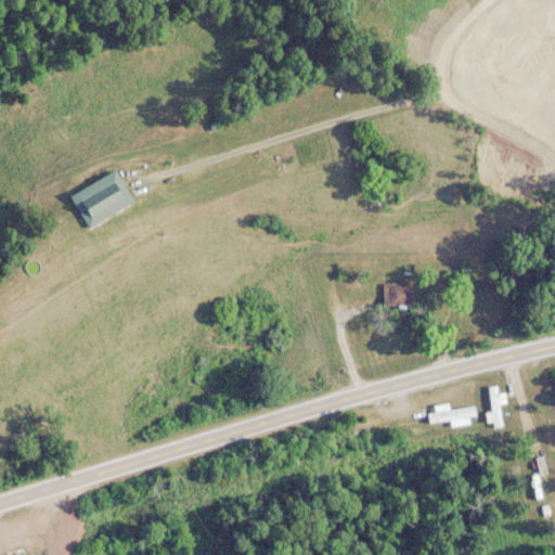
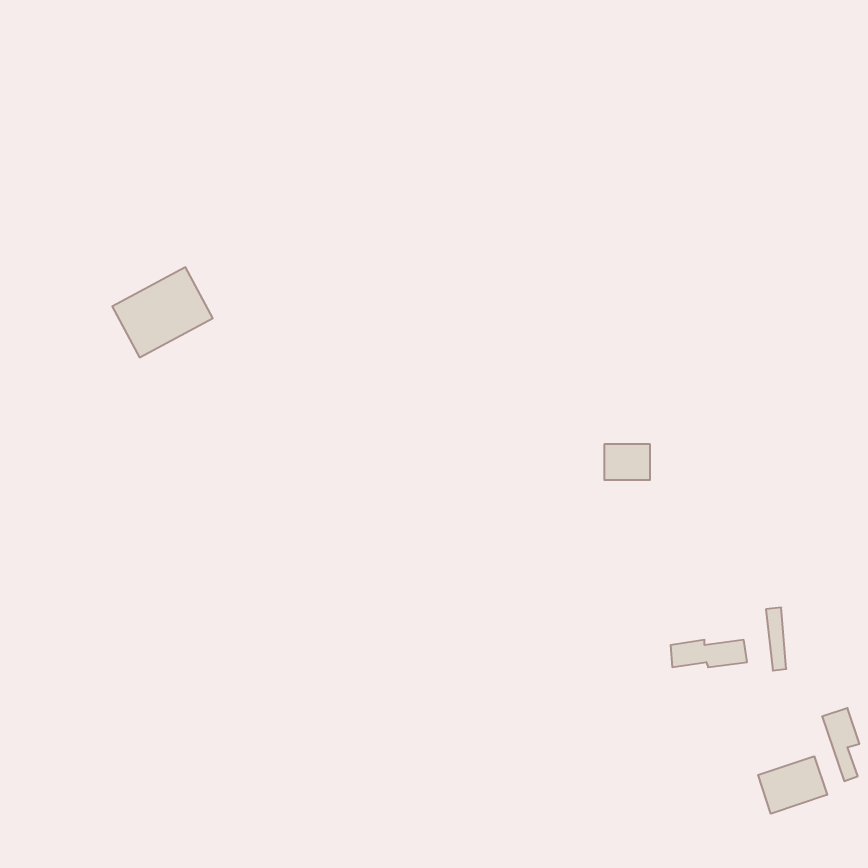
building: none -> [758,756,827,814]

